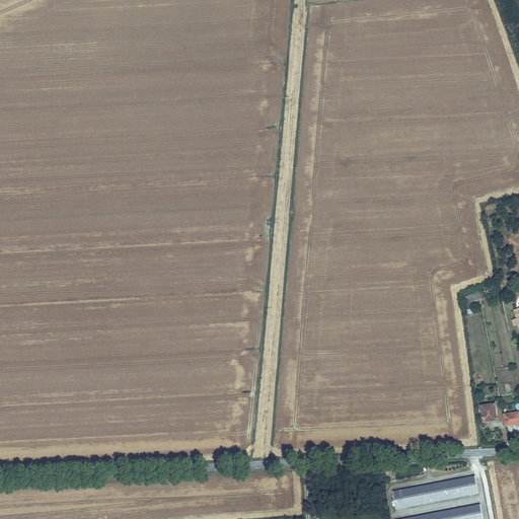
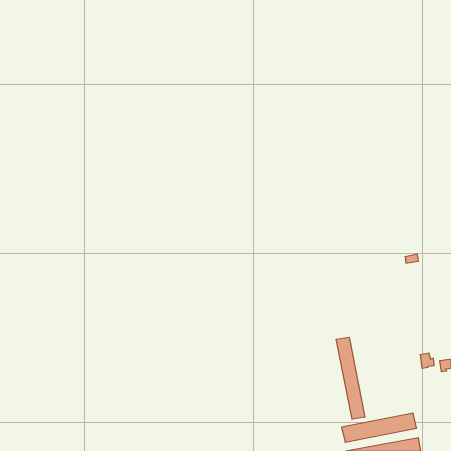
building: none -> [336,337,365,419]

